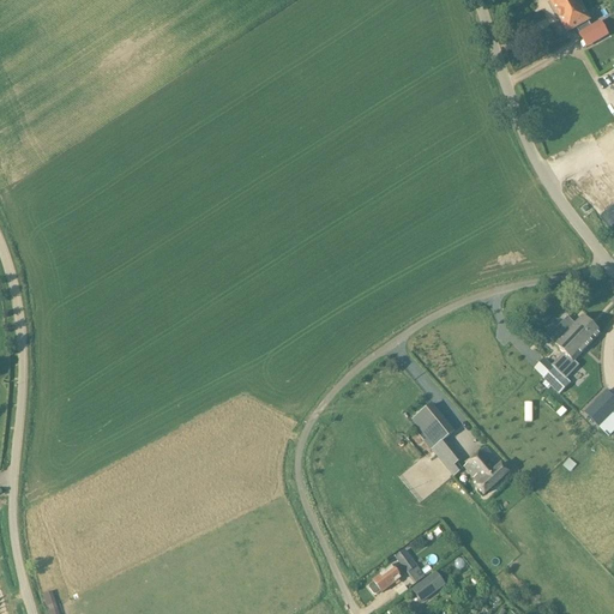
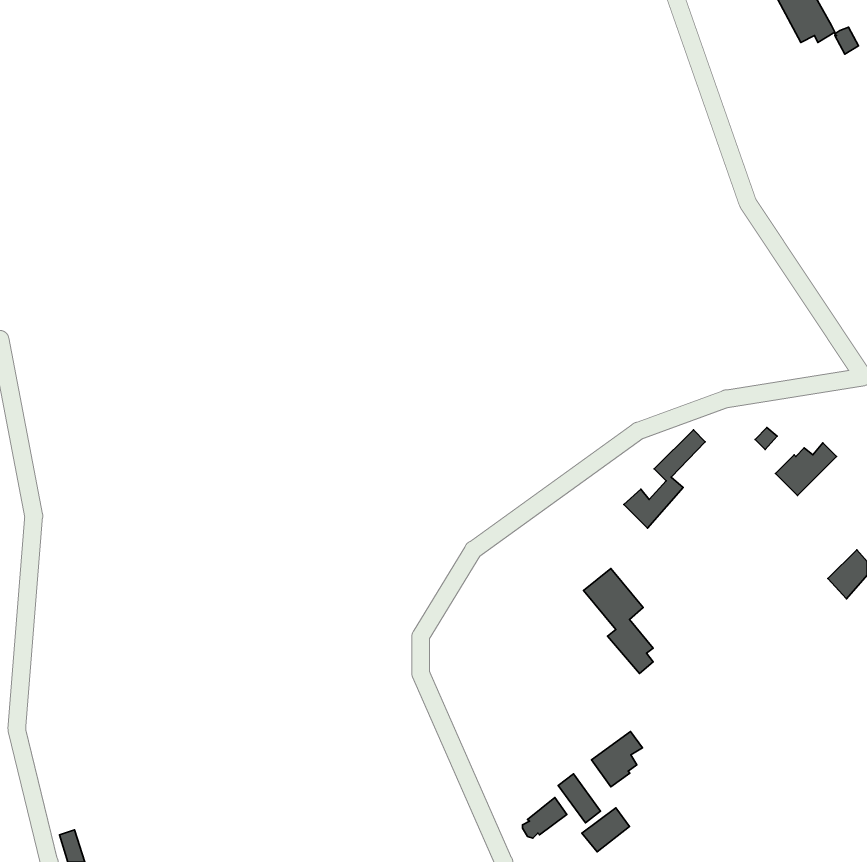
building: [542,323,600,392] -> [624,430,705,528]
building: [463,445,510,493] -> none
building: none -> [591,731,643,787]

